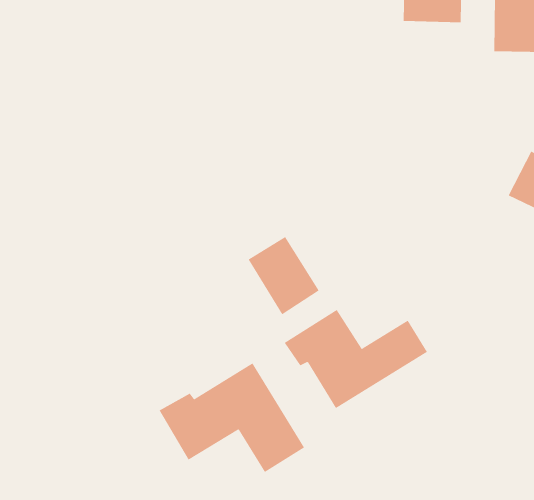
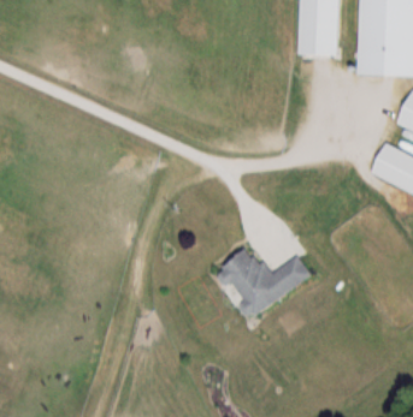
building: [248,236,319,315] -> none
building: [159,363,305,473] -> none

